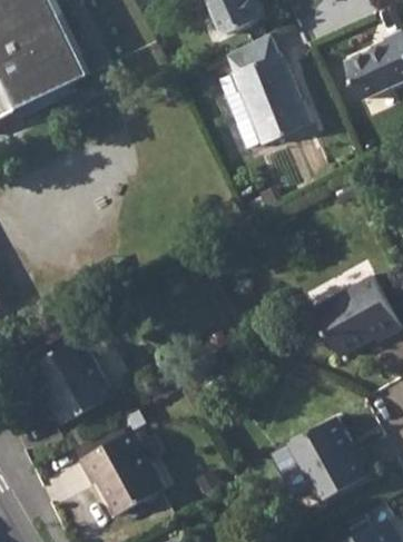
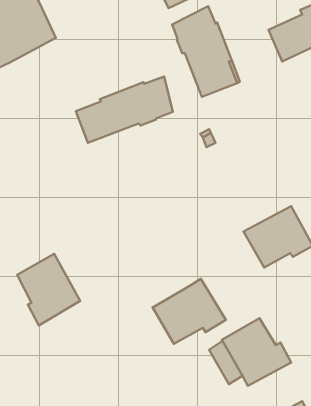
building: none -> [76,77,173,143]
building: none -> [153,279,226,344]
building: [80,430,165,514] -> none

